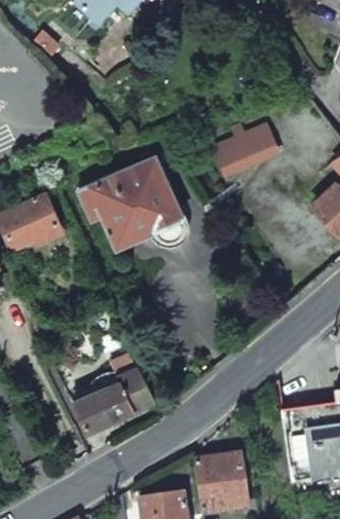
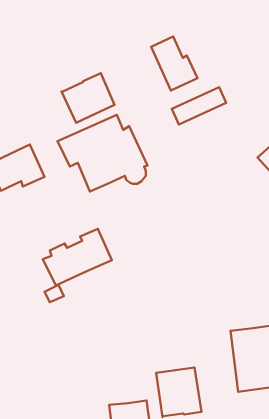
building: none -> [151,36,198,90]
building: none -> [61,73,115,123]
building: [72,362,153,429] -> [43,229,112,285]

